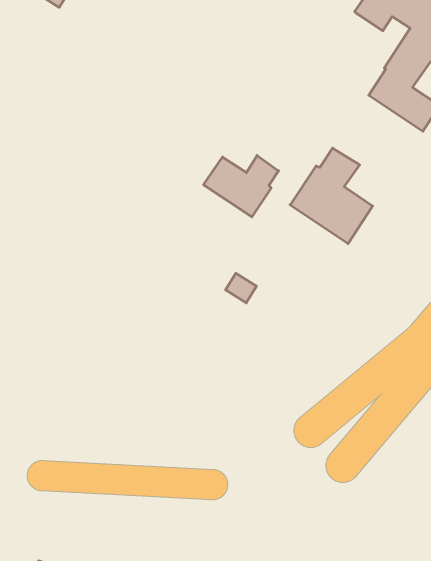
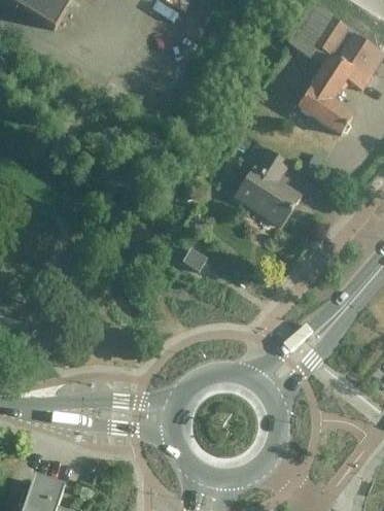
building: [204,155,279,217] -> none

